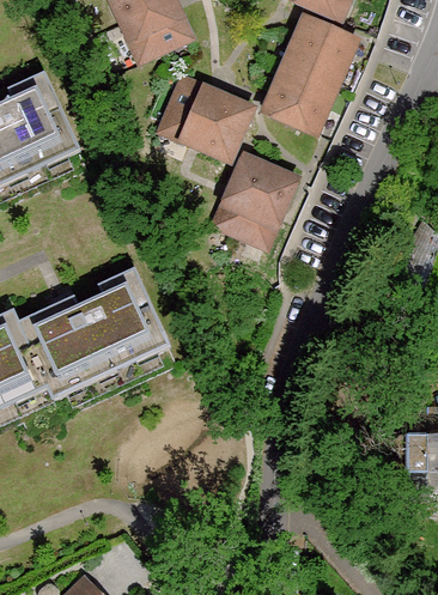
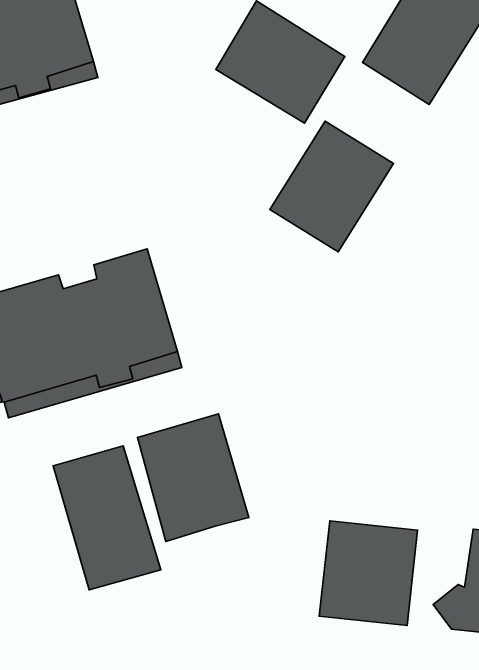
building: none -> [137,414,249,541]
building: none -> [53,446,161,590]
building: none -> [319,521,418,625]

